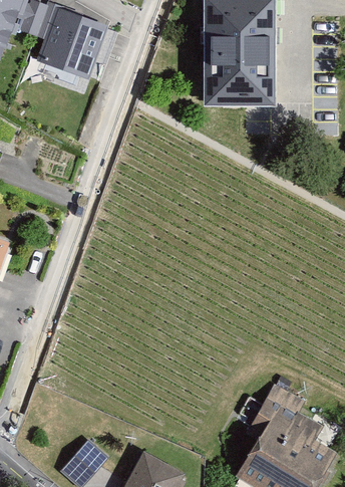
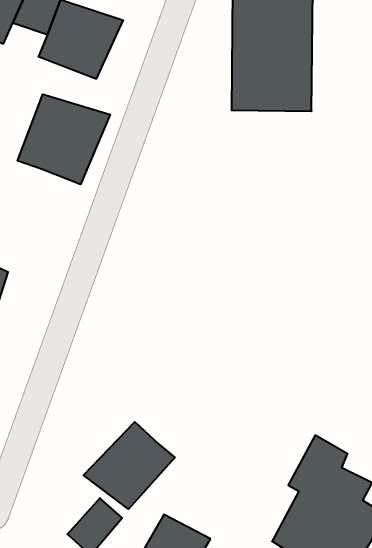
building: none -> [18,94,110,184]
building: none -> [84,422,175,509]

